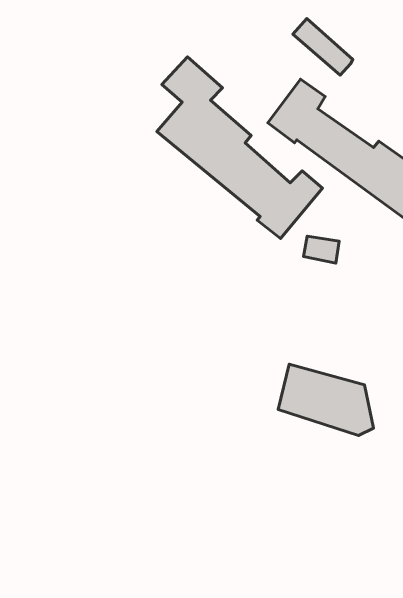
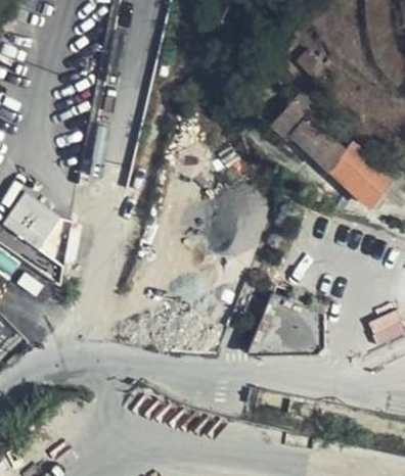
building: [157,57,323,238] -> none

